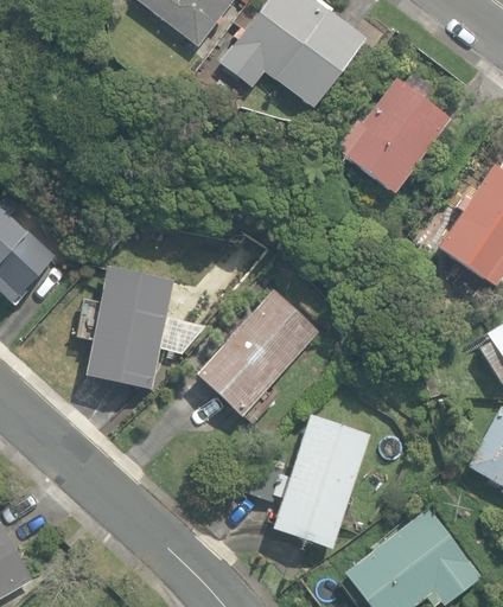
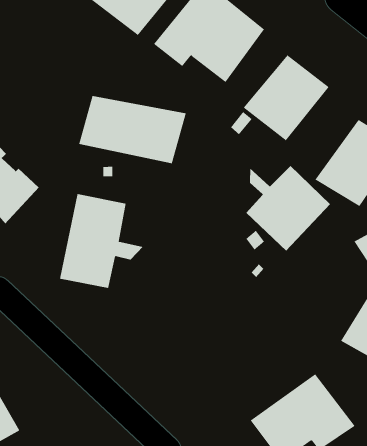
building: none -> [78,95,187,164]
building: none -> [246,165,331,252]
building: [197,289,321,415] -> none
building: [246,414,374,549] -> none

